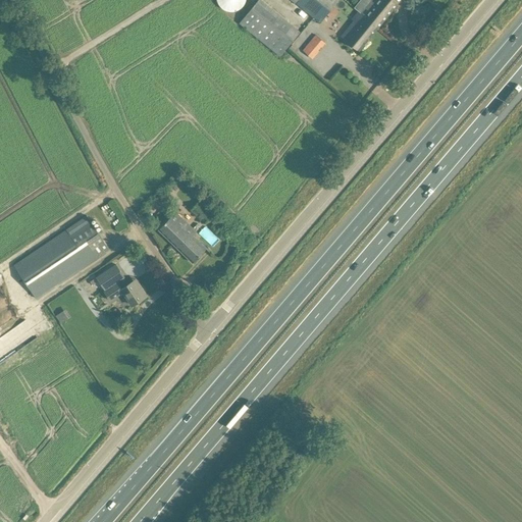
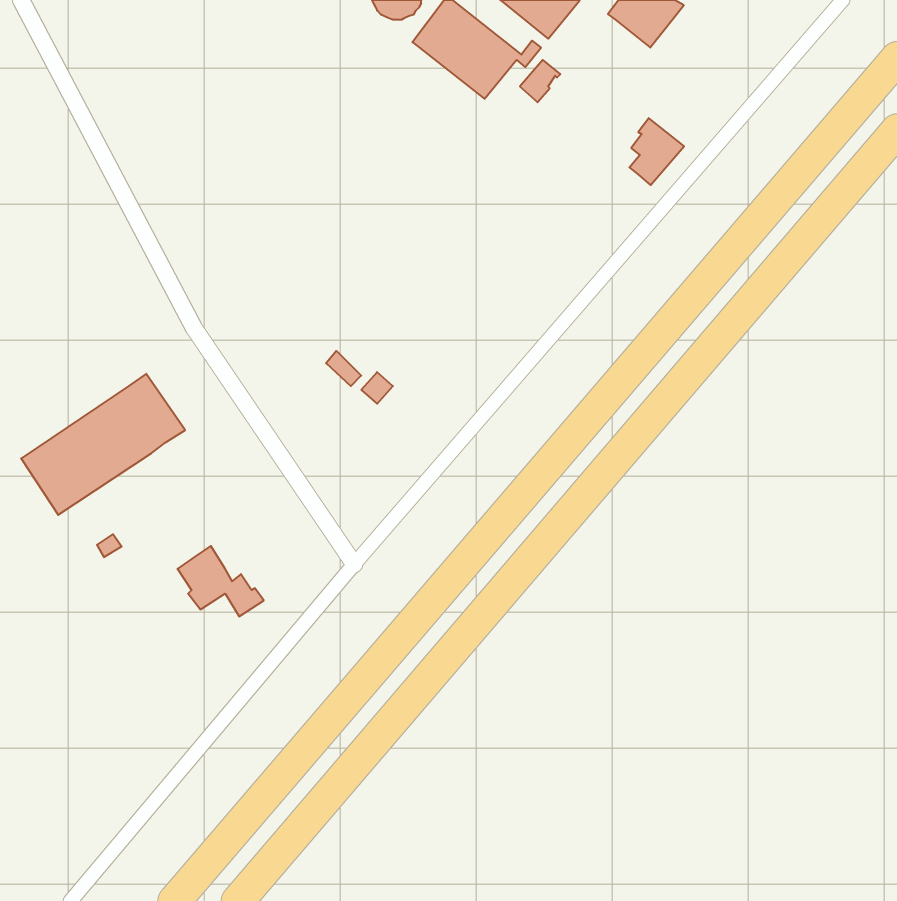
building: [345,11,376,50] -> [629,118,684,185]
building: [156,211,204,262] -> none
building: [95,264,145,305] -> [177,546,264,616]

